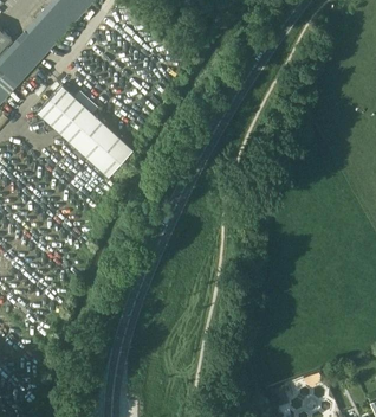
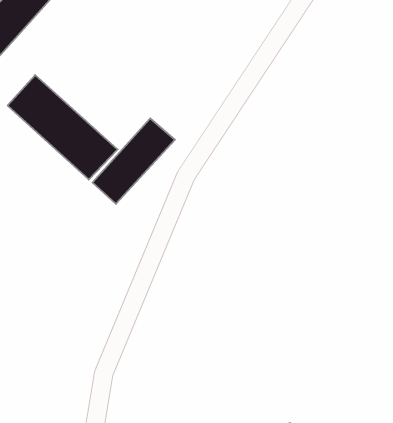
building: none -> [93,118,175,204]

